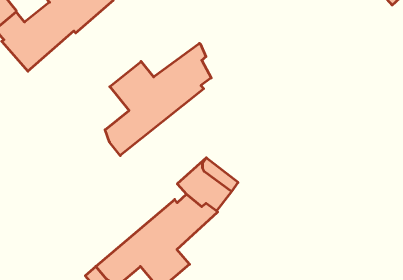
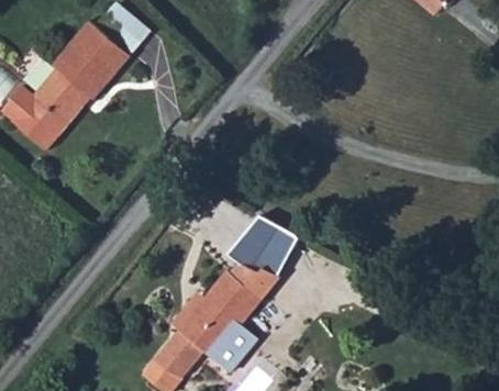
building: [105,43,211,156] -> none

